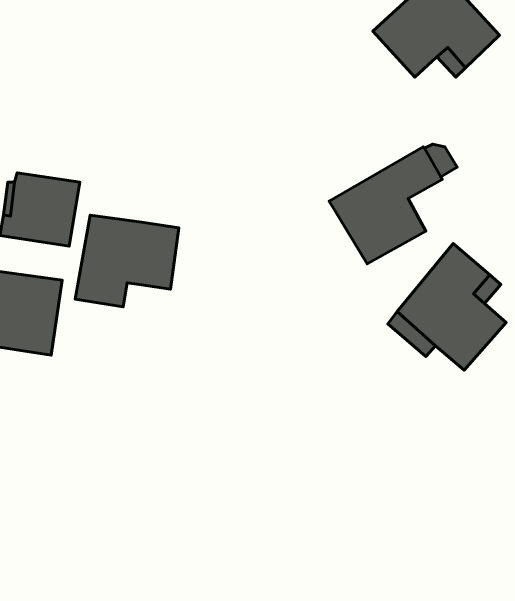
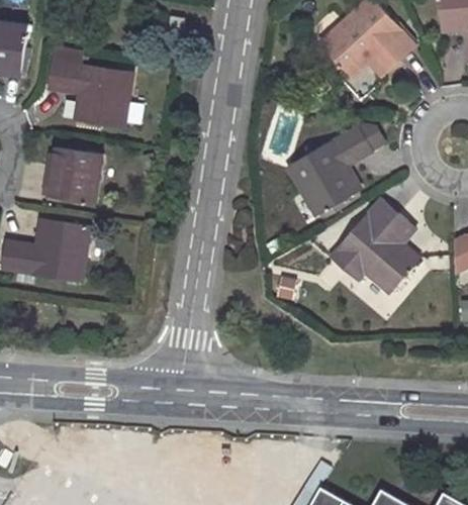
building: none -> [50,60,132,126]
building: [75,215,179,307] -> none

